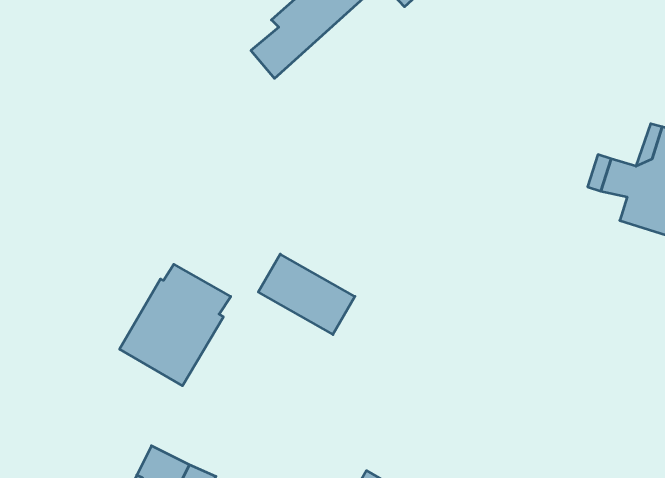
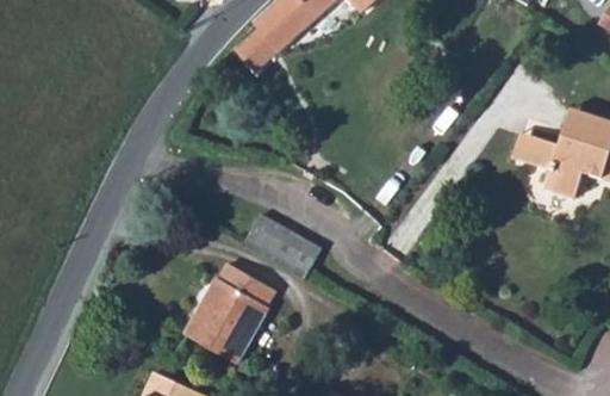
building: [120,264,231,386] -> [186,262,276,361]

